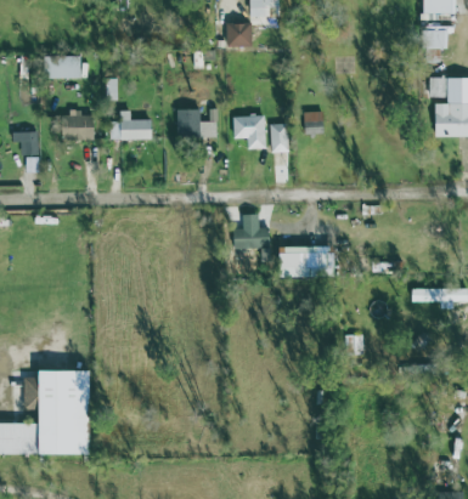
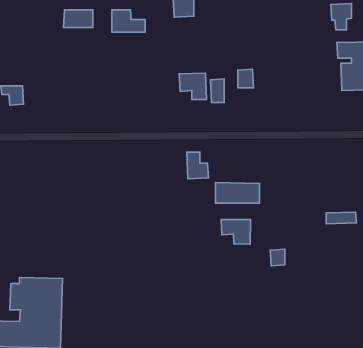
building: [43,56,79,78] -> [63,10,93,28]
building: [177,109,219,137] -> [112,10,145,32]
building: [111,110,152,140] -> none
building: [61,112,92,140] -> none
building: none -> [221,219,250,244]

